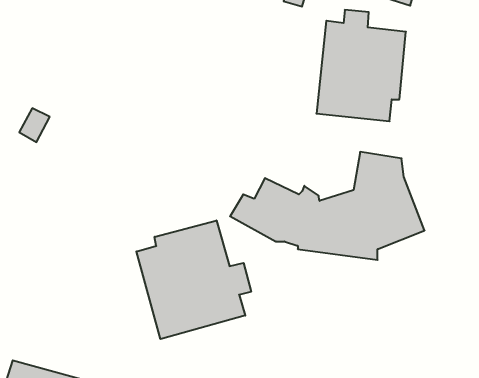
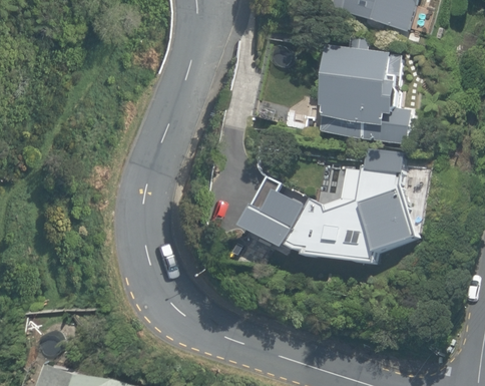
building: [136,220,251,339] -> none

